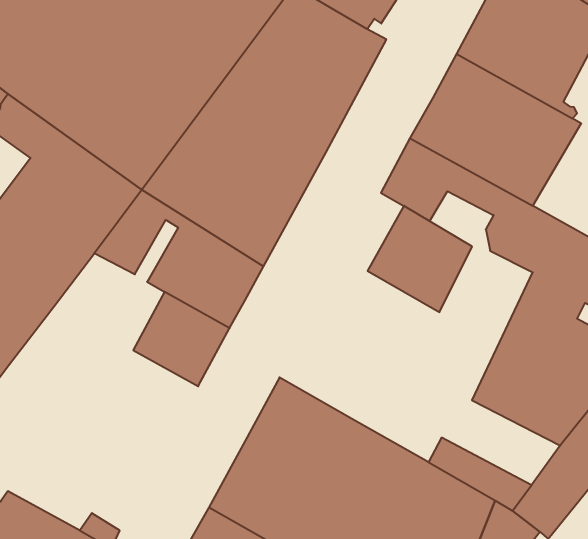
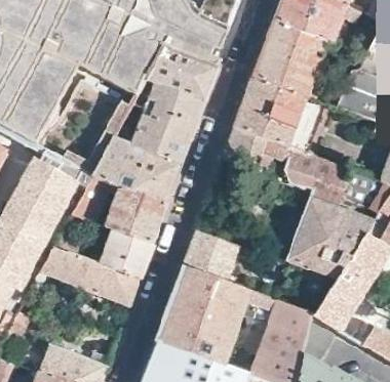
building: [368,206,472,312] -> [184,227,238,282]
building: none -> [37,245,141,310]

